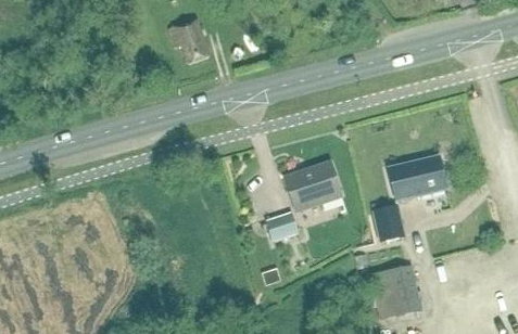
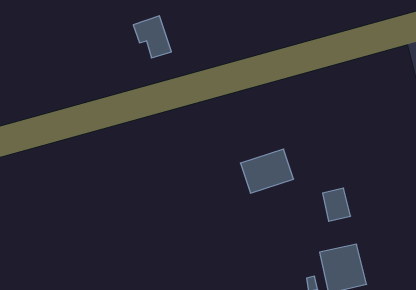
building: [389,156,446,201] -> none
building: [265,210,299,242] -> none

